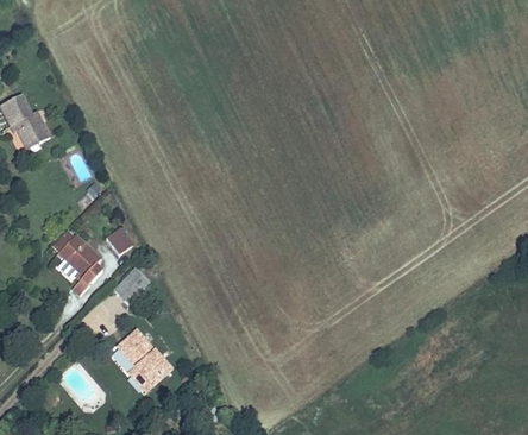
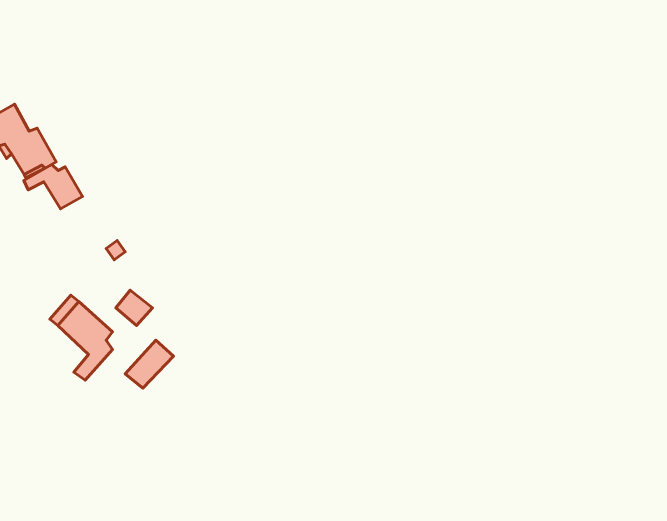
building: none -> [24,164,82,209]
building: [113,329,166,390] -> none

